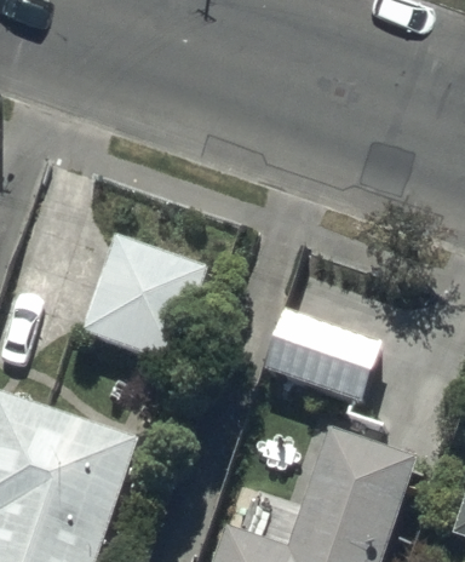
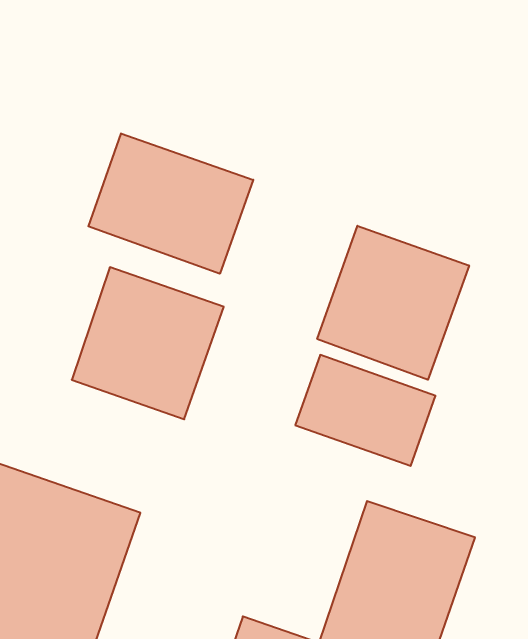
building: none -> [88,133,253,274]
building: none -> [317,226,469,380]

